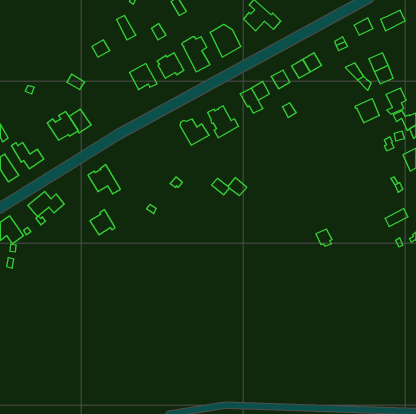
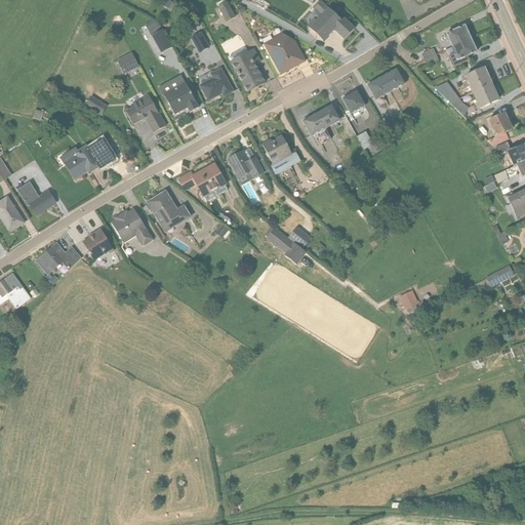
building: [381,10,405,31] -> [445,36,476,62]
building: none -> [125,92,165,130]
building: [355,99,379,123] -> none
building: none -> [178,162,227,200]
building: none -> [147,189,191,230]
building: [90,210,115,235] -> [82,227,114,258]

